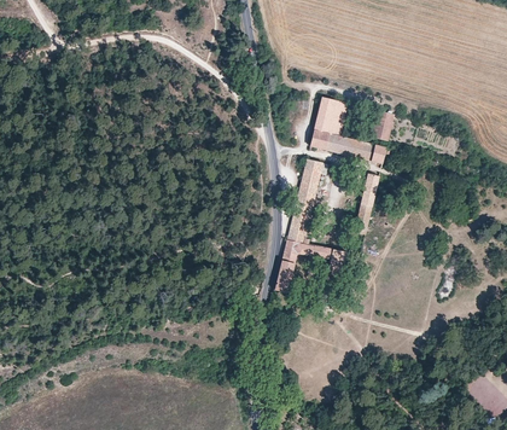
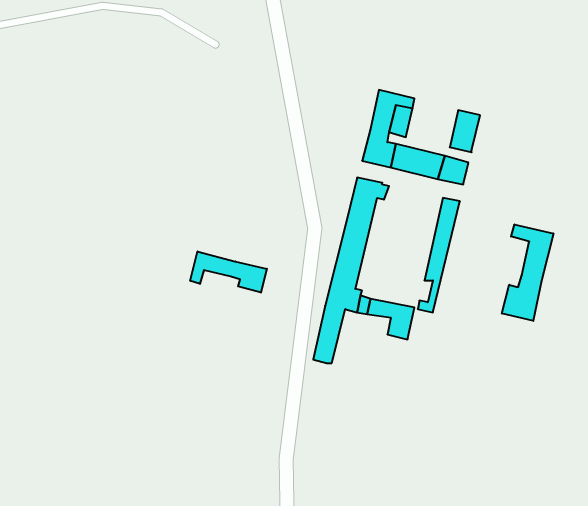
building: none -> [502,224,553,321]
building: none -> [190,251,267,293]

